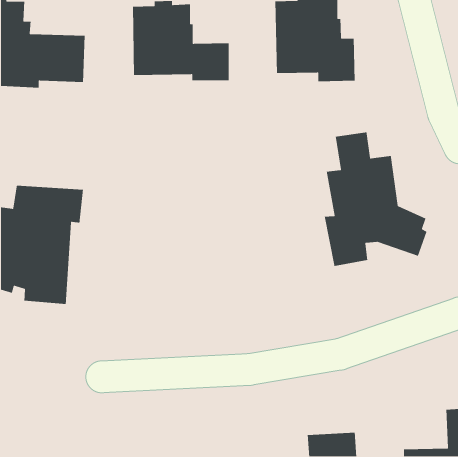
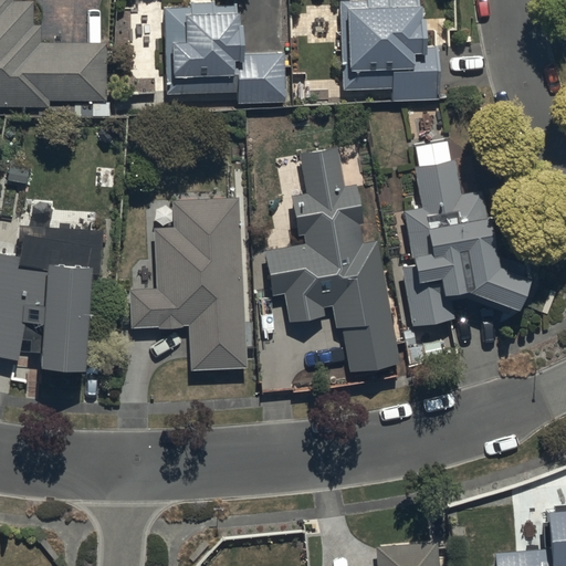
building: none -> [268,148,400,375]
building: none -> [129,198,245,373]

